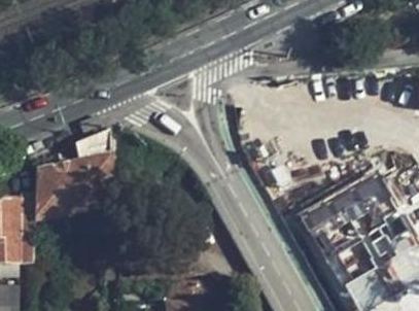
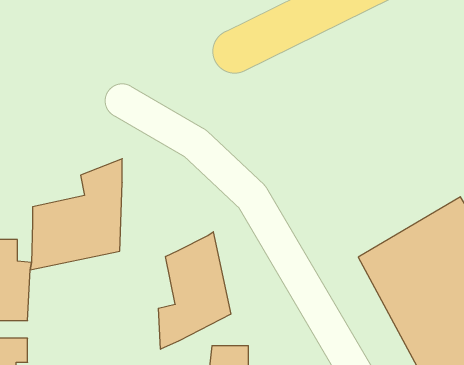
building: none -> [158,232,231,349]

